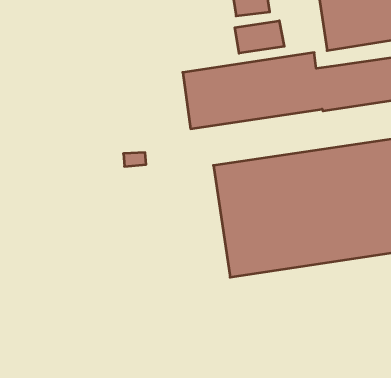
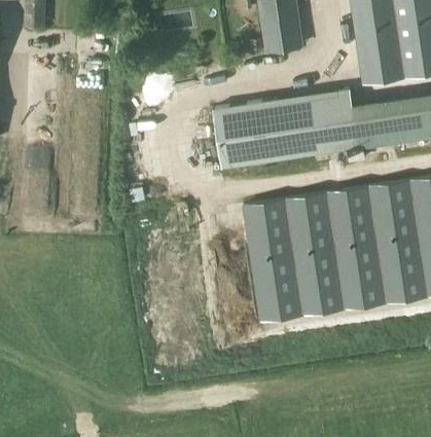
building: [235,21,284,53] -> none

